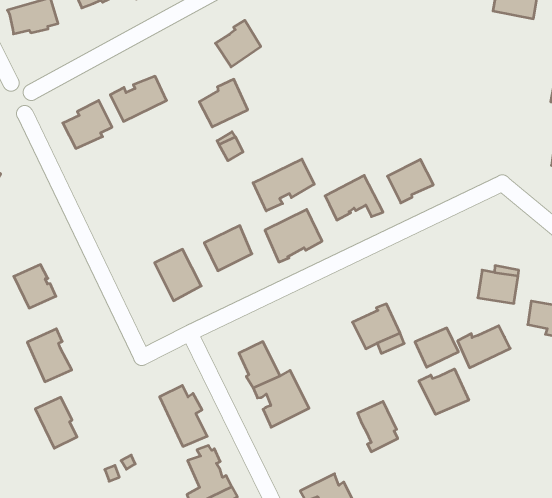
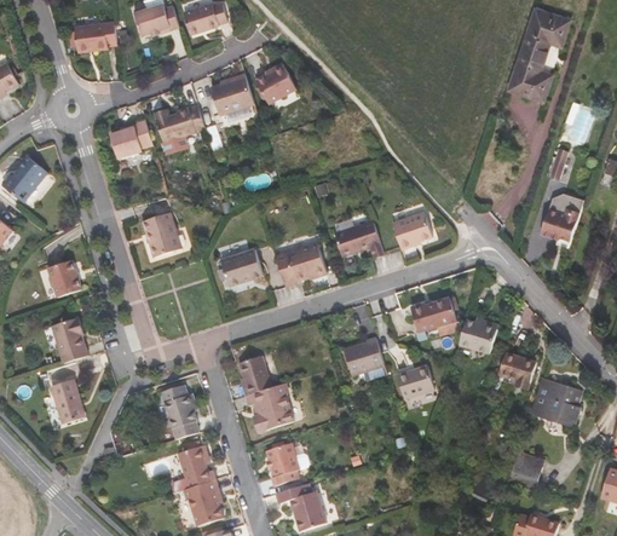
building: [199,79,248,127] -> [211,73,253,113]
building: [253,159,314,211] -> none
building: [155,249,201,301] -> [142,212,180,257]
building: [458,326,510,368] -> [410,298,456,332]
building: [419,369,469,414] -> none
building: [358,401,398,452] -> [266,442,299,485]

